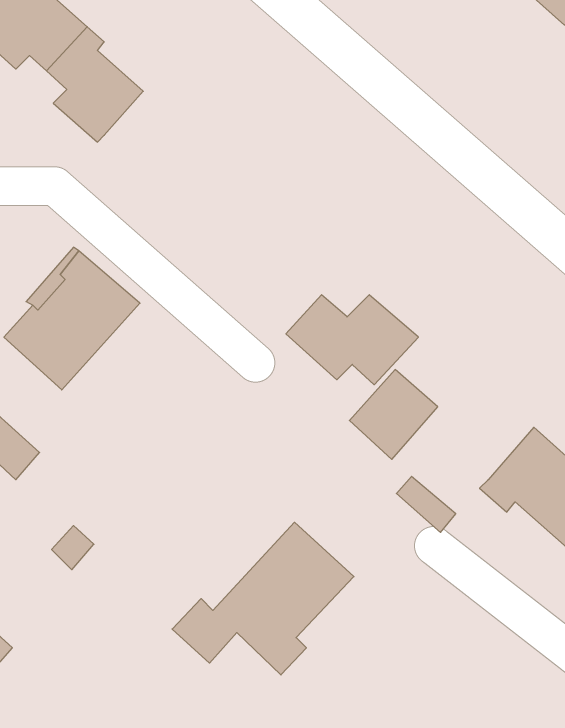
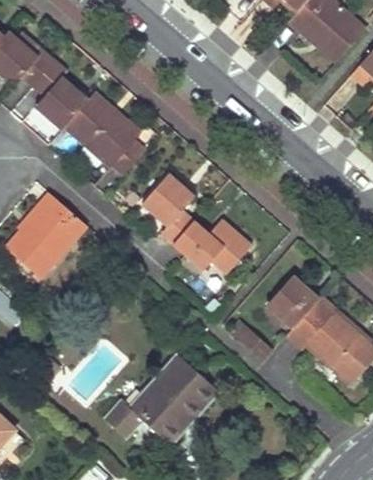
building: none -> [65,94,145,177]
building: none -> [142,174,194,243]
building: [349,370,438,459] -> [266,276,318,329]

